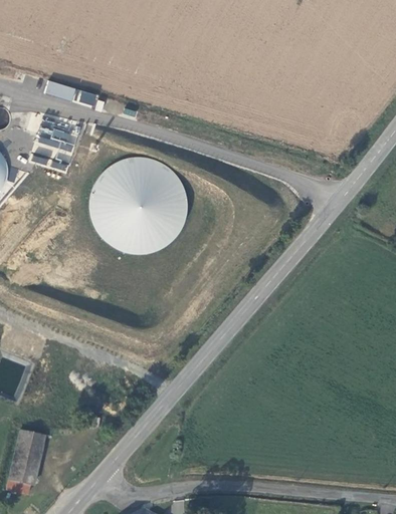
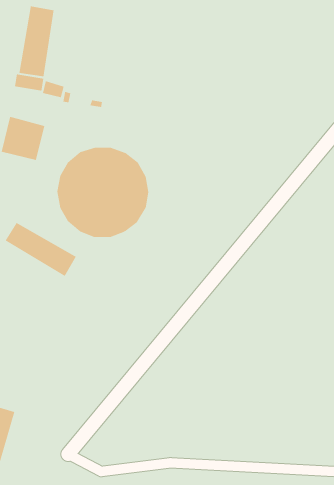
building: none -> [19,5,54,77]
building: none -> [5,222,77,277]

